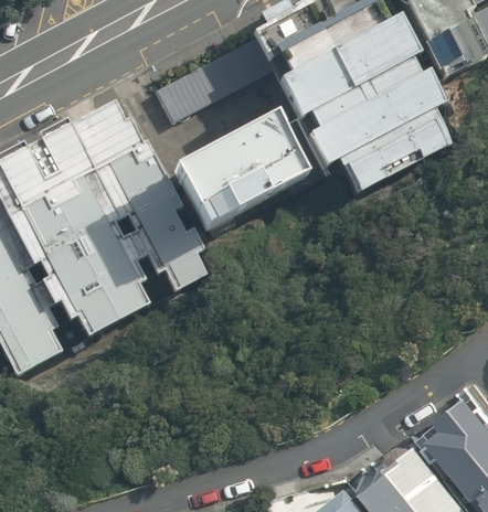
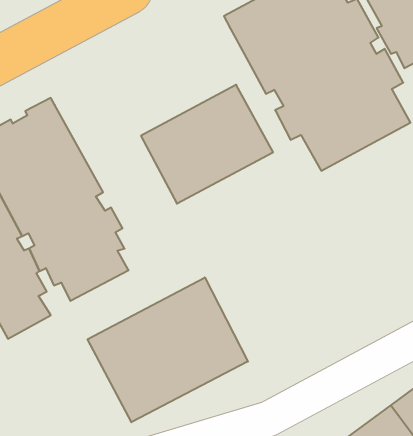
building: [160,41,275,124] -> none
building: [68,99,208,290] -> none
building: none -> [88,277,248,422]

